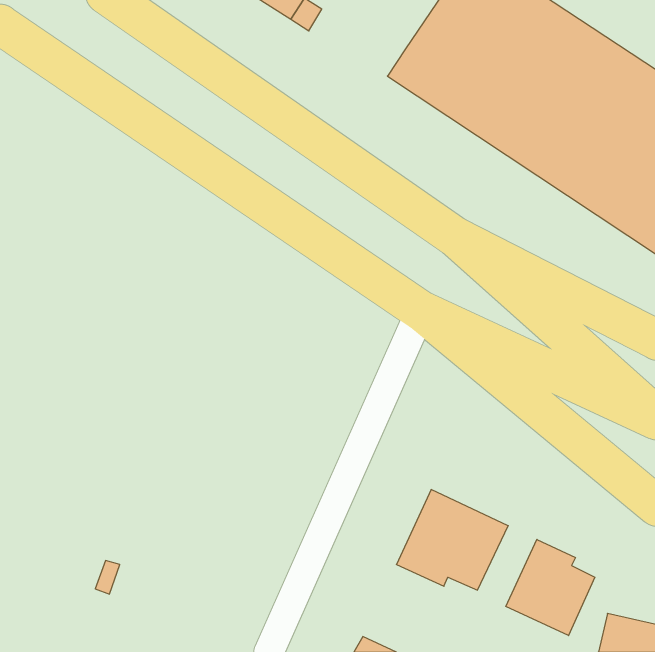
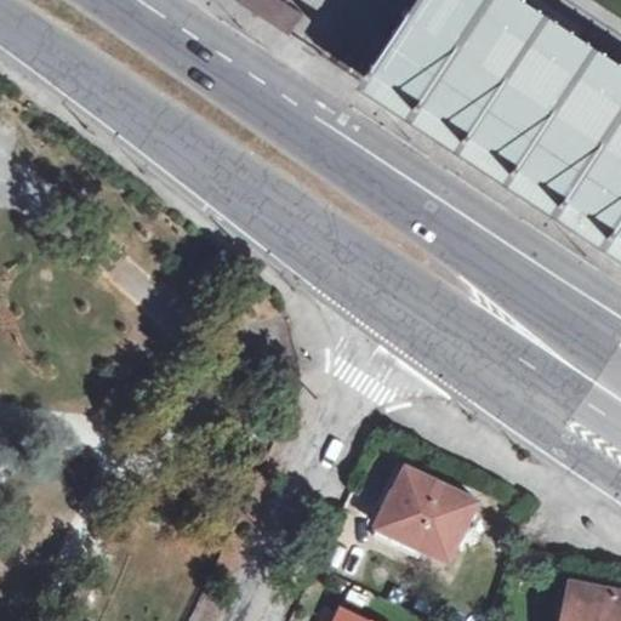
building: [506,539,595,636] -> none

